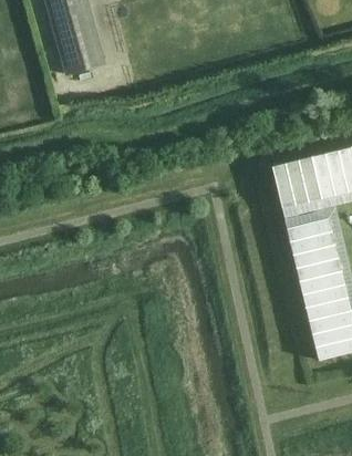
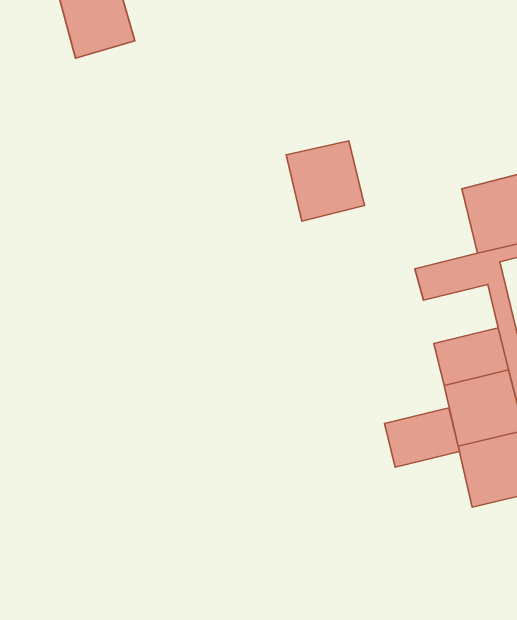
building: [272,157,322,208] -> [286,141,364,221]
building: [288,218,335,256] -> [385,408,459,467]

